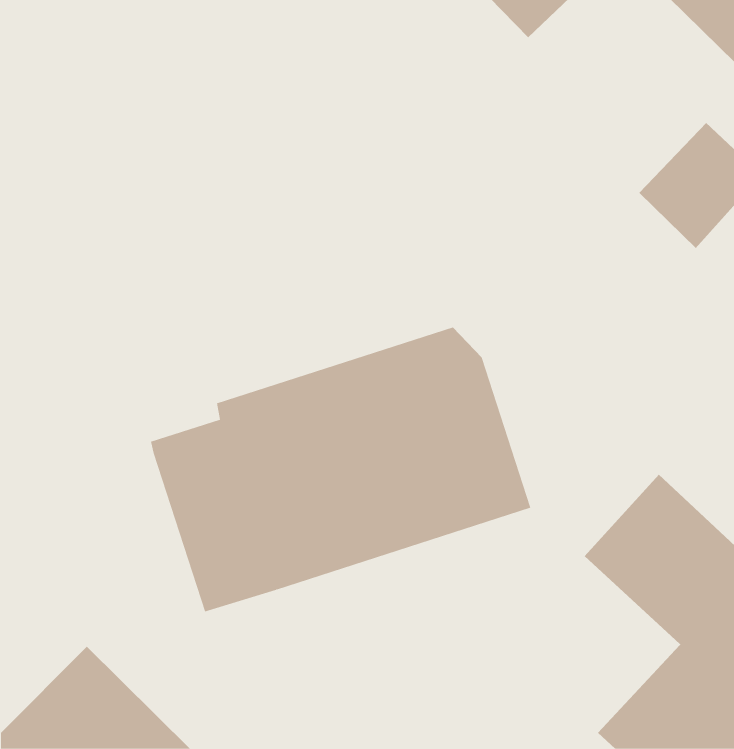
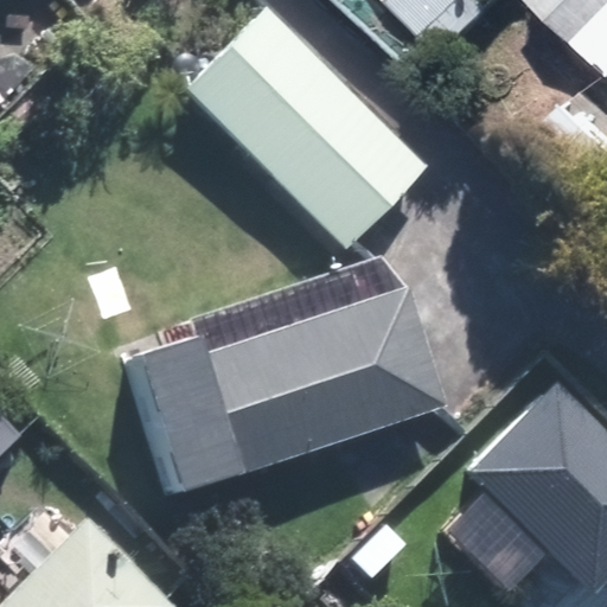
building: none -> [183,6,429,251]

